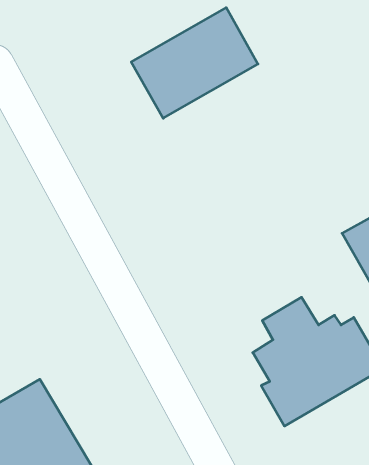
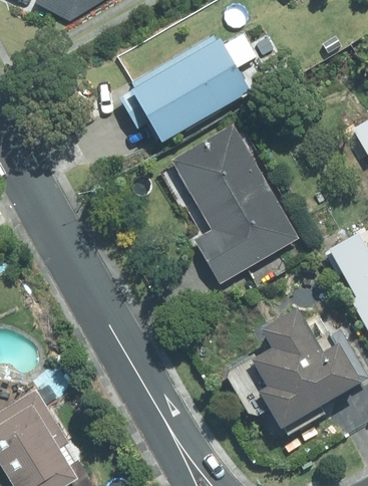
building: none -> [168,125,297,284]

